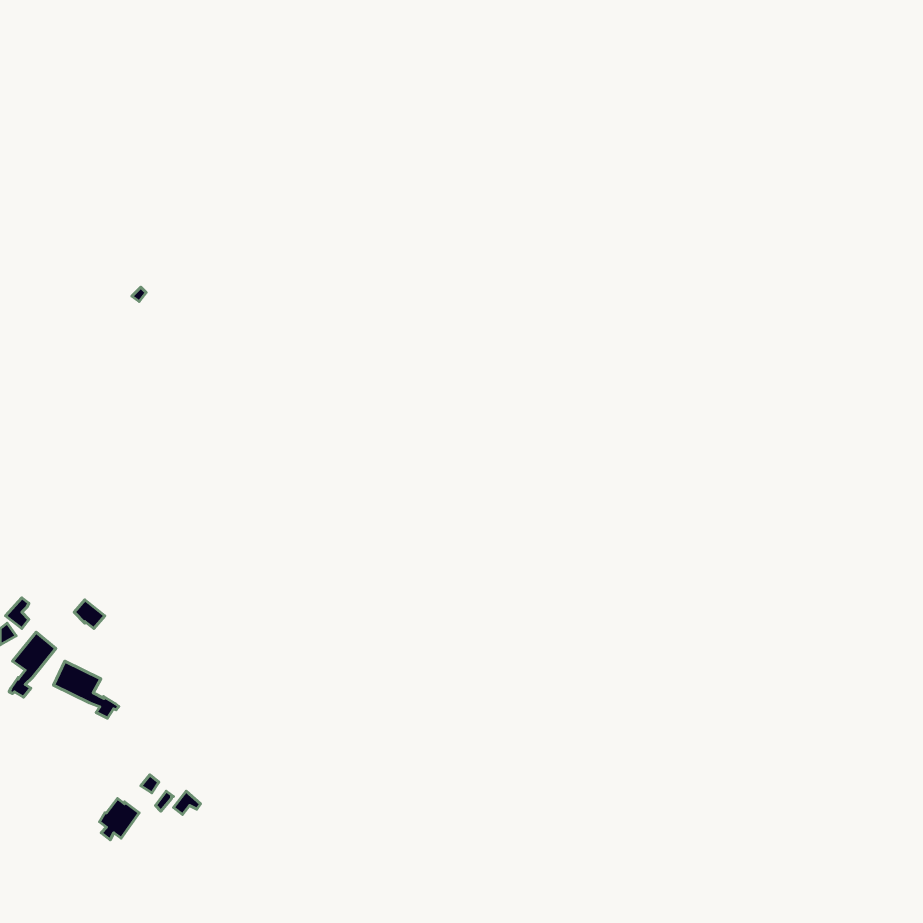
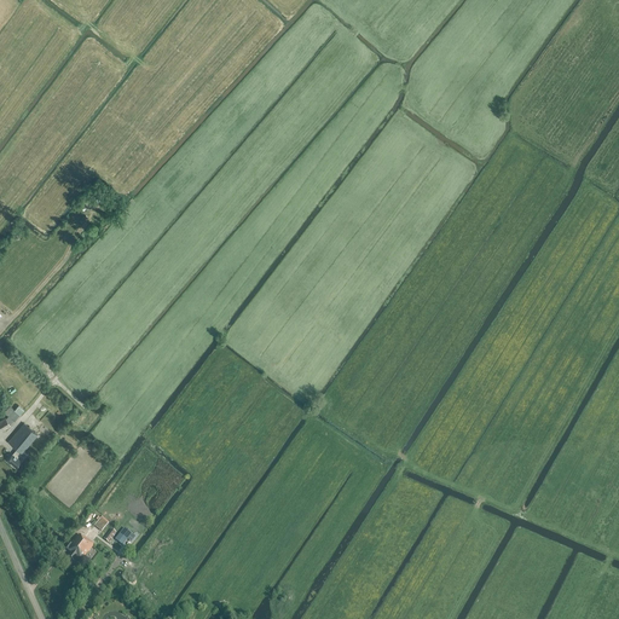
building: [53,661,119,718] -> none

